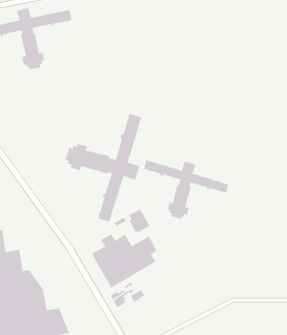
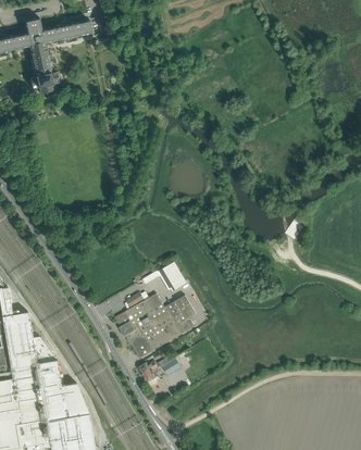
building: [65,113,142,223] -> none
building: [143,159,229,220] -> none

